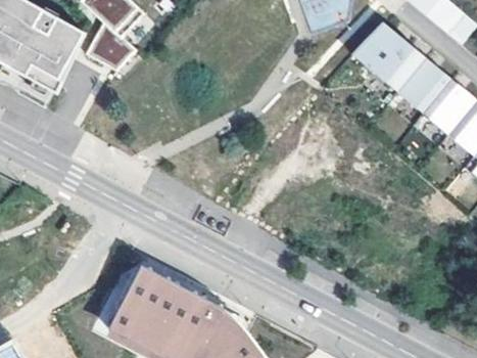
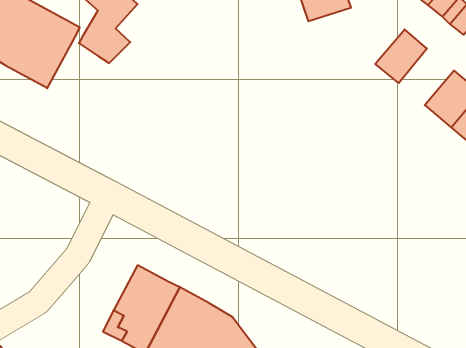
building: [350,20,402,72] -> none
building: [396,56,450,111] -> none

